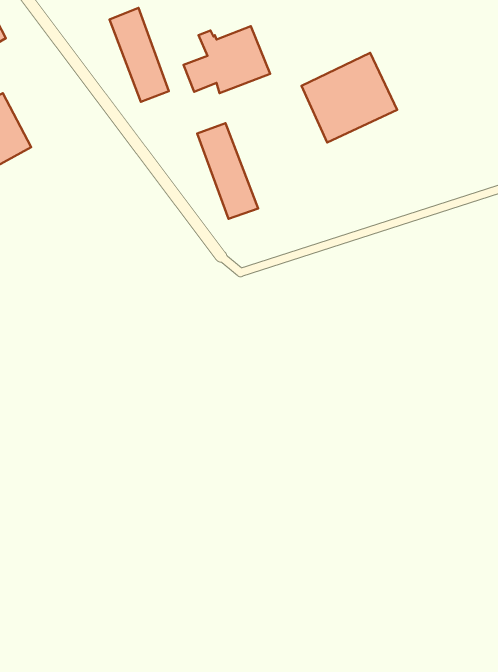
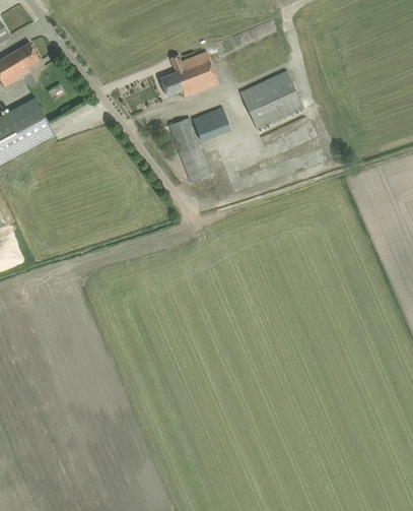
building: [109,8,169,102] -> none
building: none -> [192,108,230,141]

